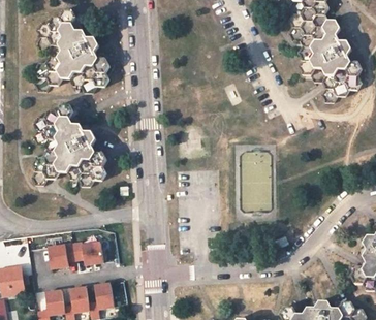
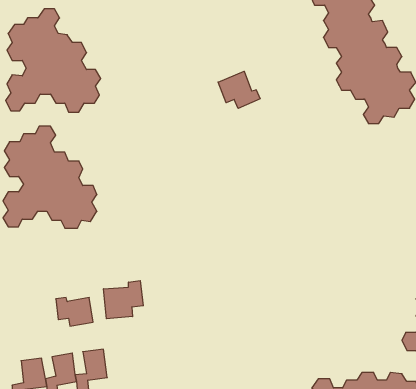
building: none -> [218,71,260,108]
building: none -> [104,281,143,319]
building: [49,242,76,267] -> none

